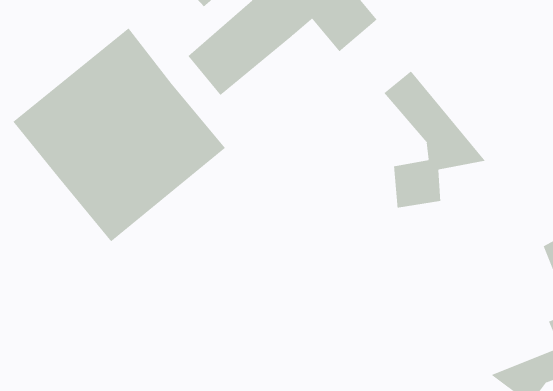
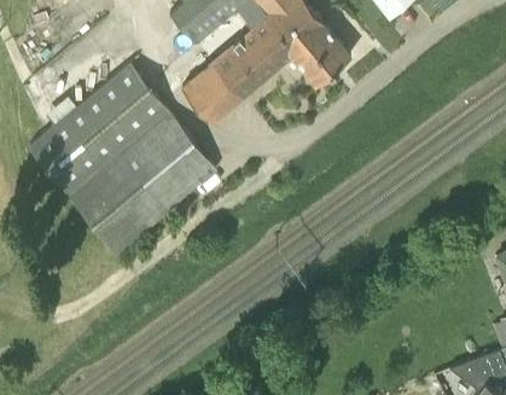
building: [384,70,486,209] -> none

